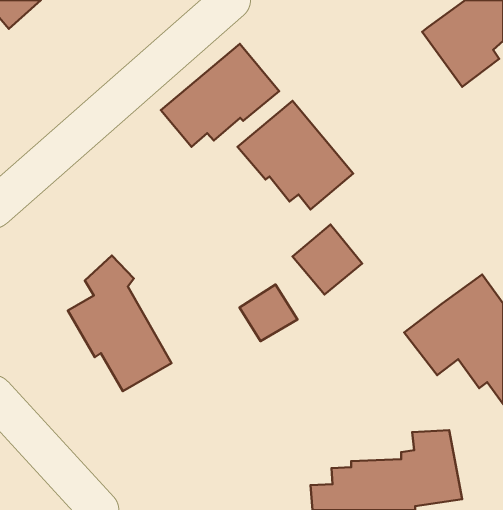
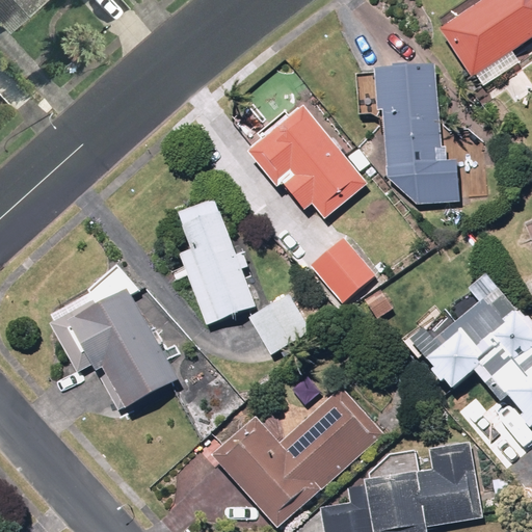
building: [161,44,279,147] -> none
building: none -> [372,64,459,201]
building: none -> [176,198,255,324]
building: none -> [215,390,378,524]

